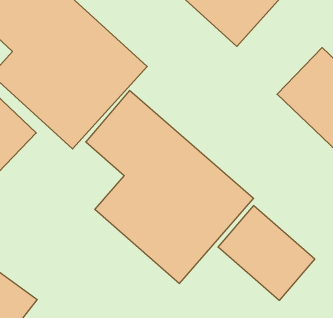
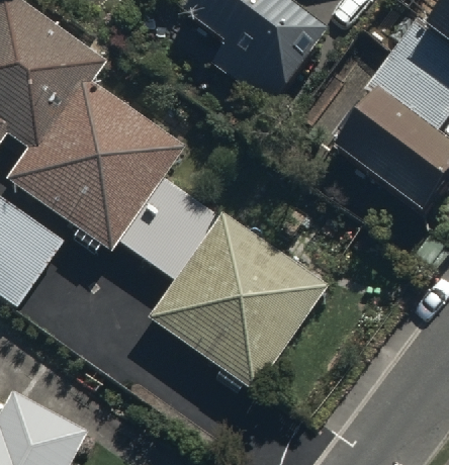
building: [218,206,315,300] -> none

